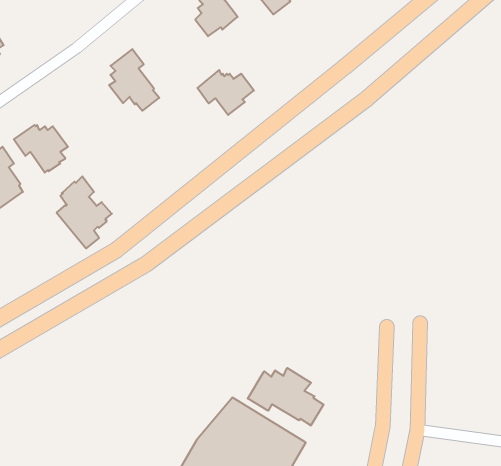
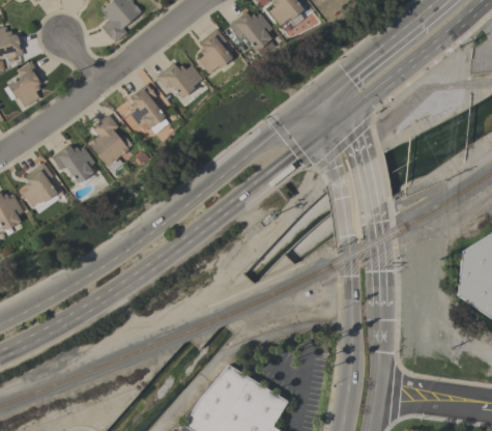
building: [197,70,254,115] -> [156,62,202,98]
building: [57,176,112,248] -> [88,114,133,172]
building: [248,368,324,426] -> none

